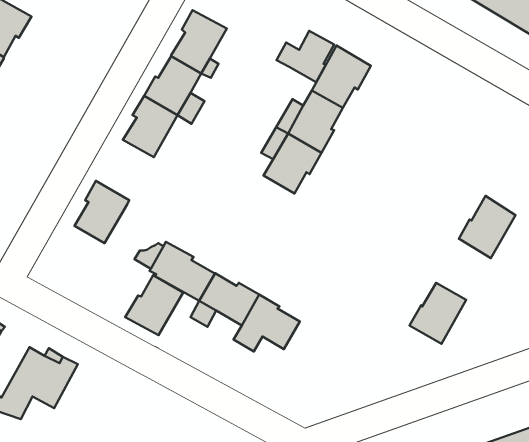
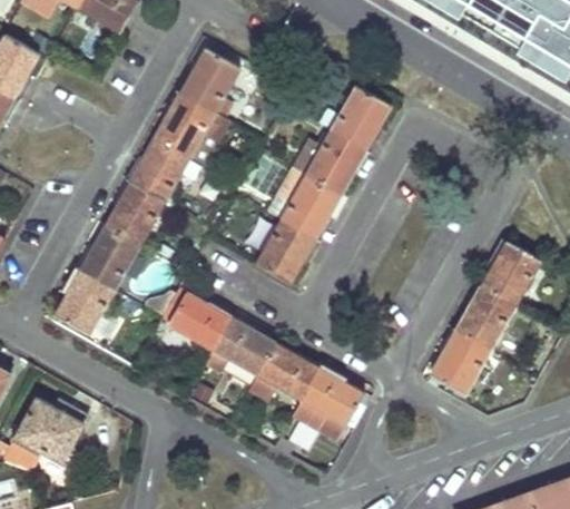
building: [276,31,334,82] -> none
building: none -> [106,183,166,245]
building: none -> [255,219,312,284]
building: none -> [456,286,515,349]
building: [125,275,183,335] -> [55,272,115,334]
building: none -> [301,371,363,441]

